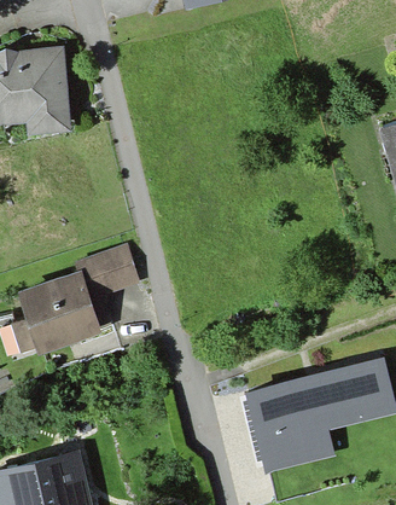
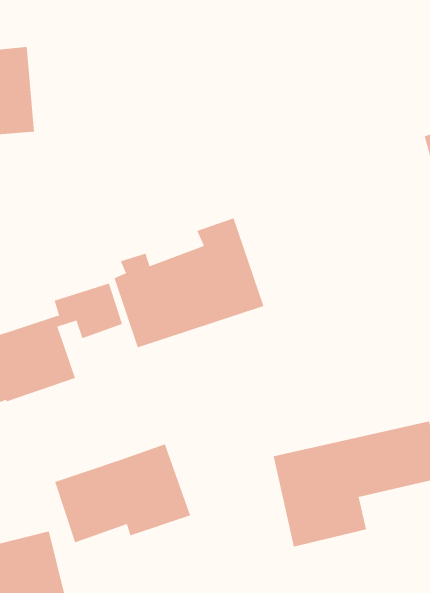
building: none -> [114,218,264,348]
building: none -> [54,444,191,543]

